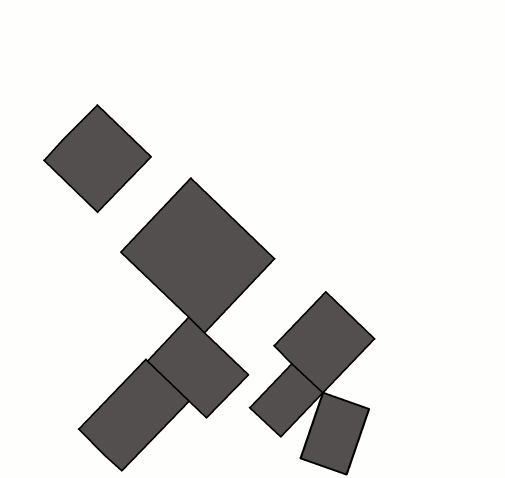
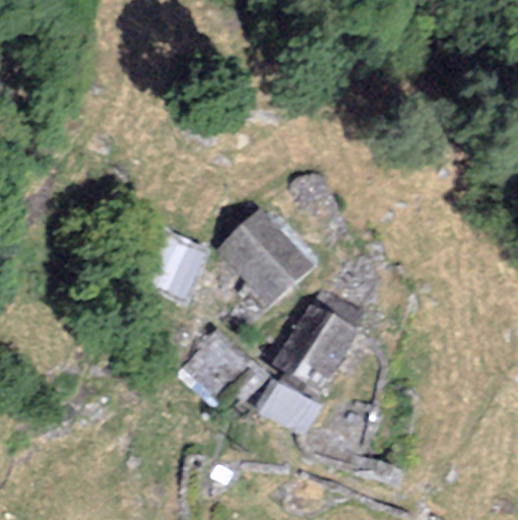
building: [44,105,151,212] -> none
building: [79,359,189,471] -> none

